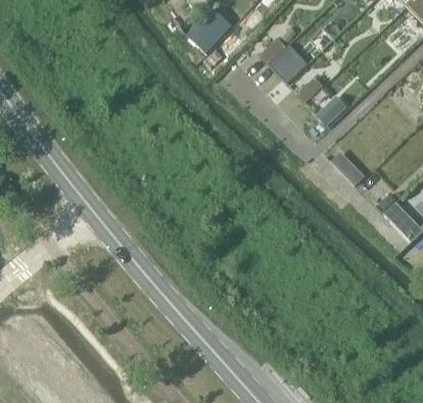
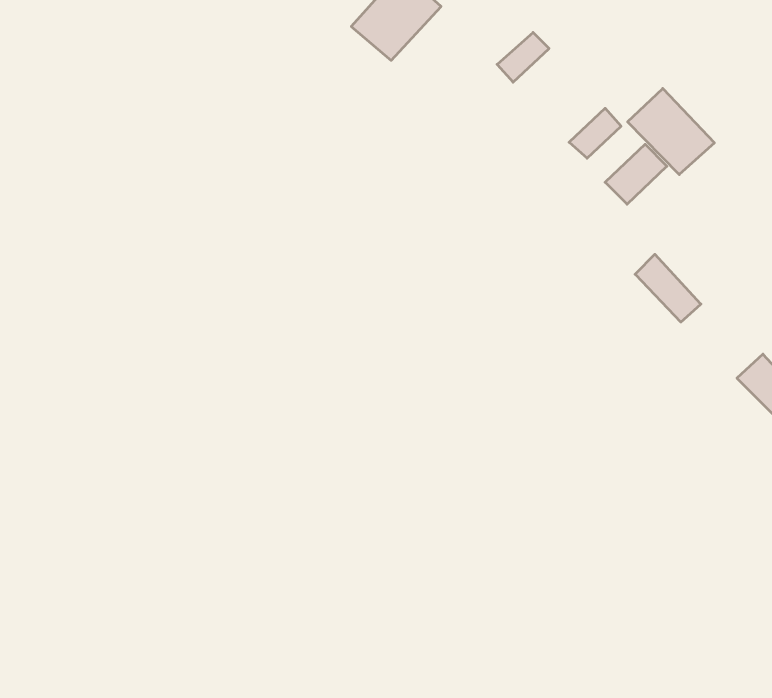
building: [268,42,302,77] -> none
building: none -> [628,88,714,175]

